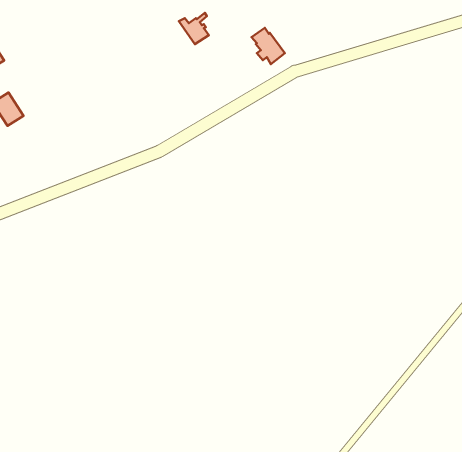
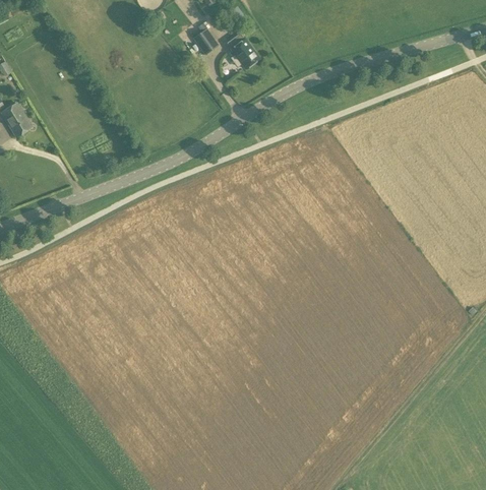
building: [252,28,285,64] -> [227,33,260,69]

